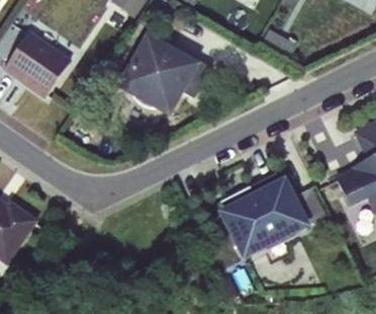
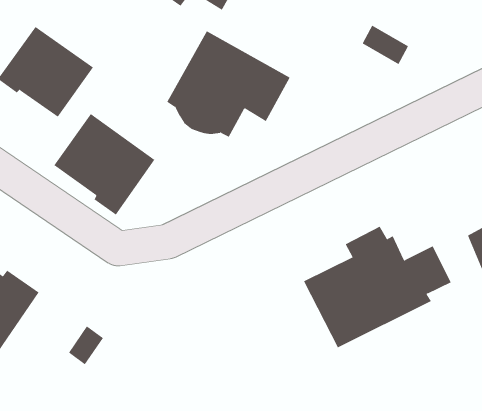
building: none -> [53,113,155,216]

